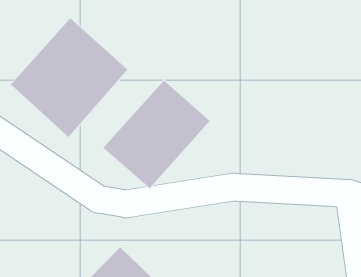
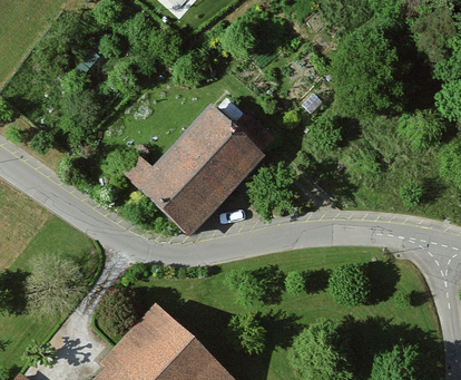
building: [10,17,128,138] -> none

